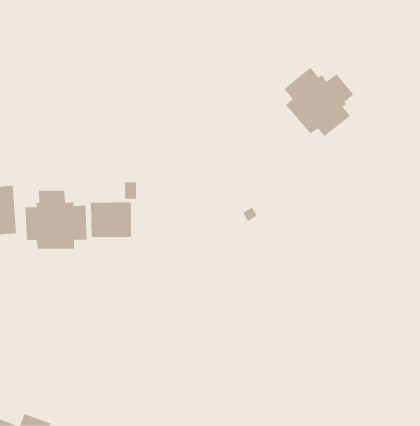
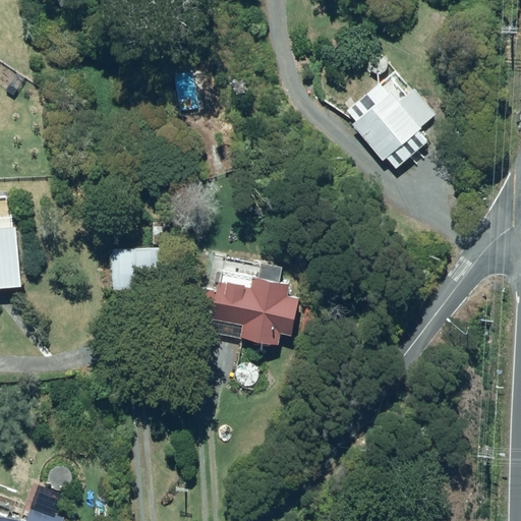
building: [25,190,87,250] -> none
building: none -> [200,276,301,344]

